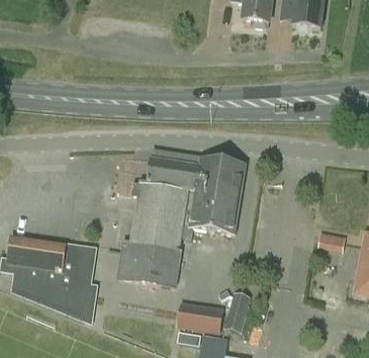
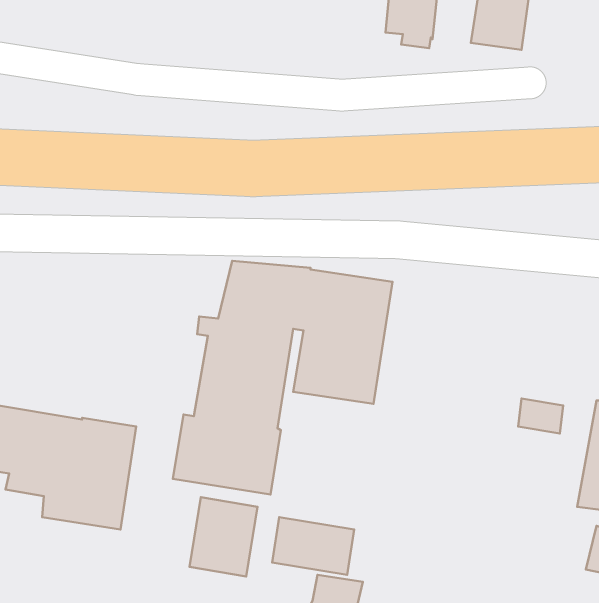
building: none -> [190,497,257,576]
building: [223,291,251,332] -> none

